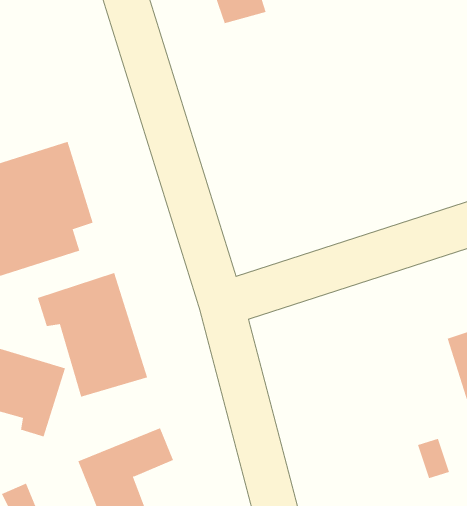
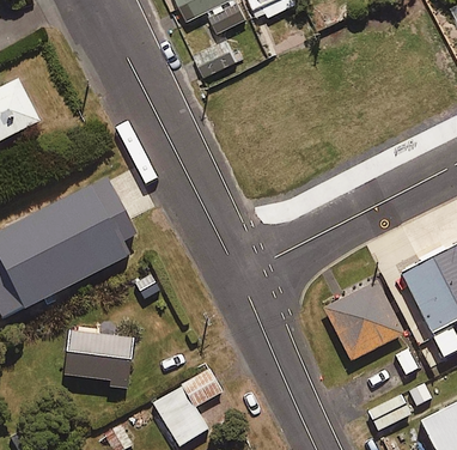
building: [37,272,148,397] -> none
building: none -> [324,280,404,360]

